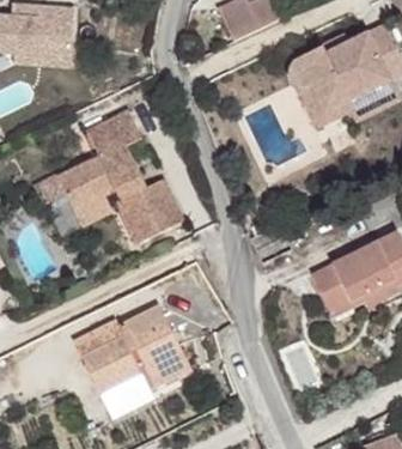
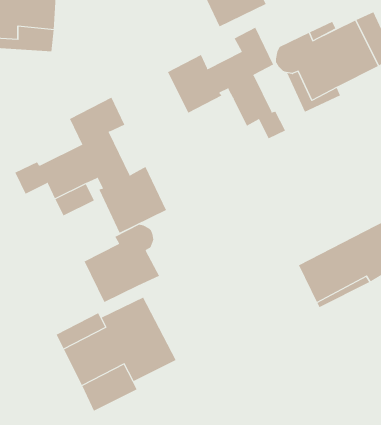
building: none -> [167,27,286,139]
building: none -> [84,224,160,303]

